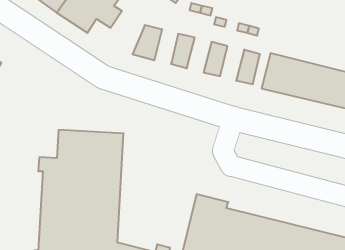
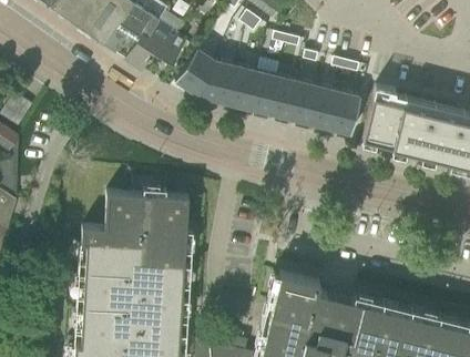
building: none -> [174,48,214,96]
building: none -> [226,65,256,109]
building: none -> [267,75,298,120]
building: none -> [309,86,339,130]

